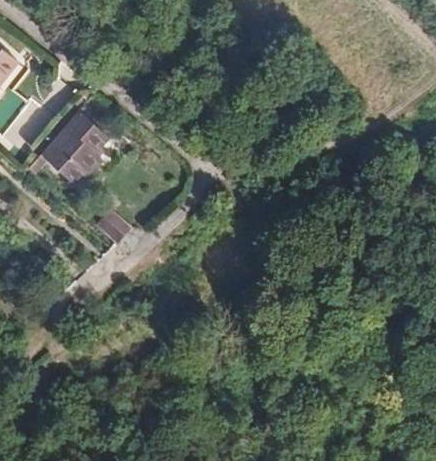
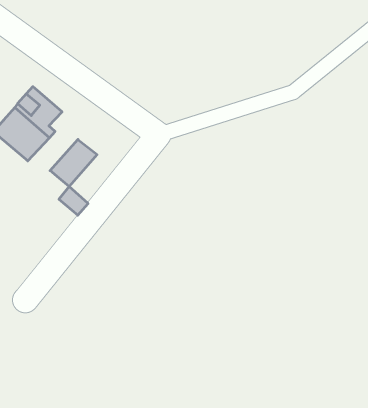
building: none -> [50,139,97,187]

